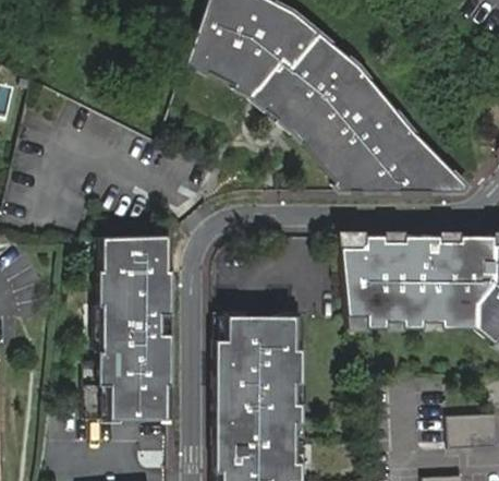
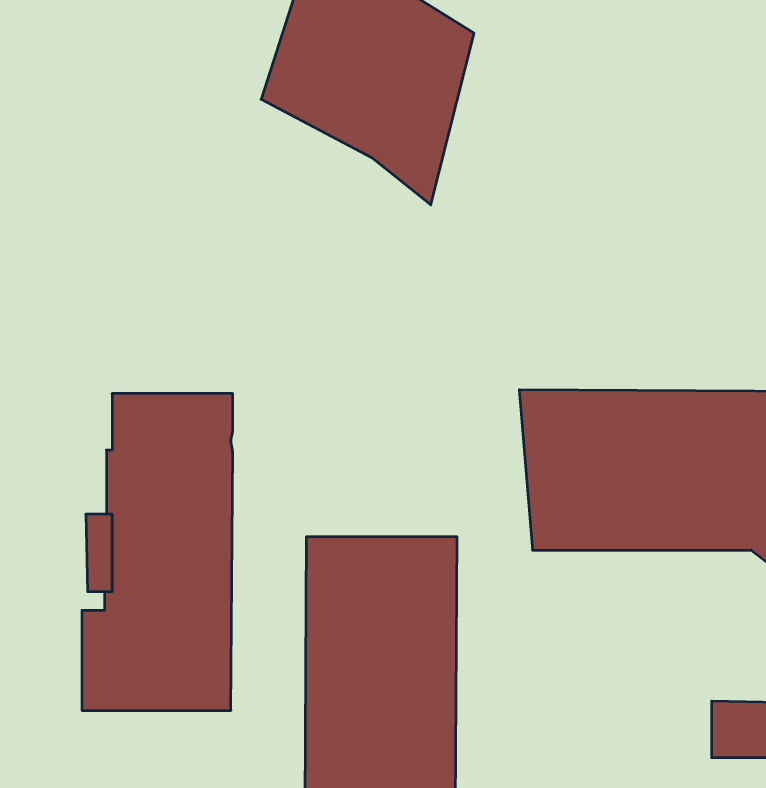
building: [288,27,468,191] -> none

